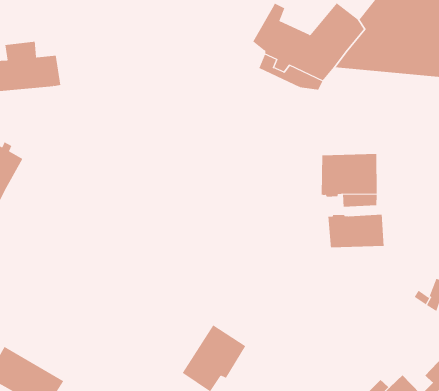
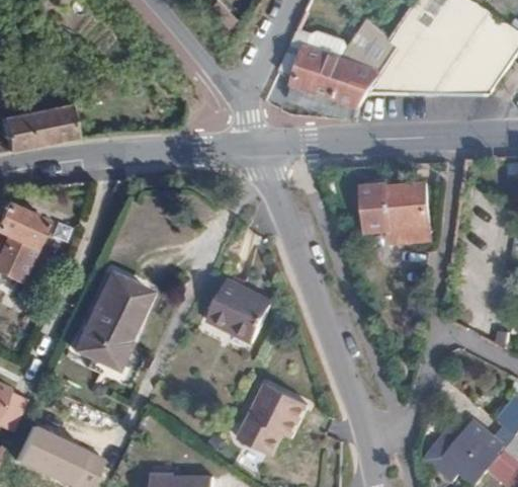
building: none -> [74,268,151,388]
building: [328,214,384,248] -> none
building: none -> [203,271,271,337]

